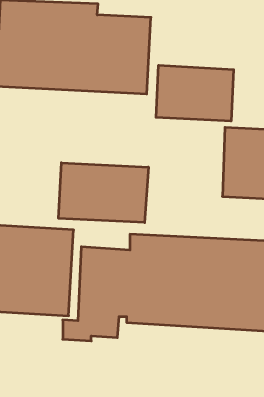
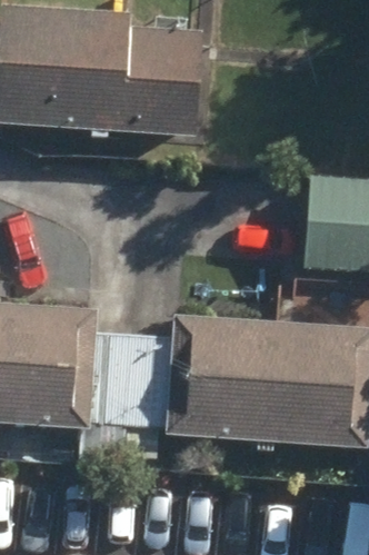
building: [156,65,234,121] -> none
building: [59,163,148,223] -> none

